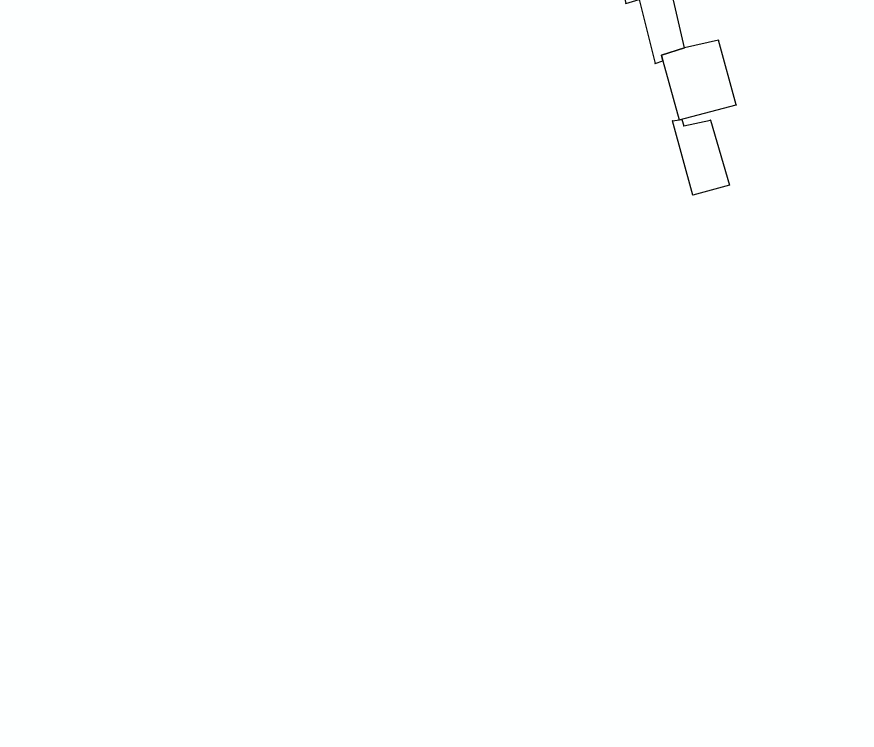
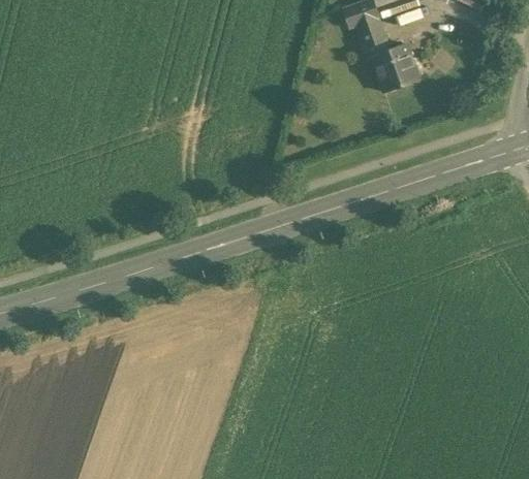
building: [673,119,729,195] -> none

